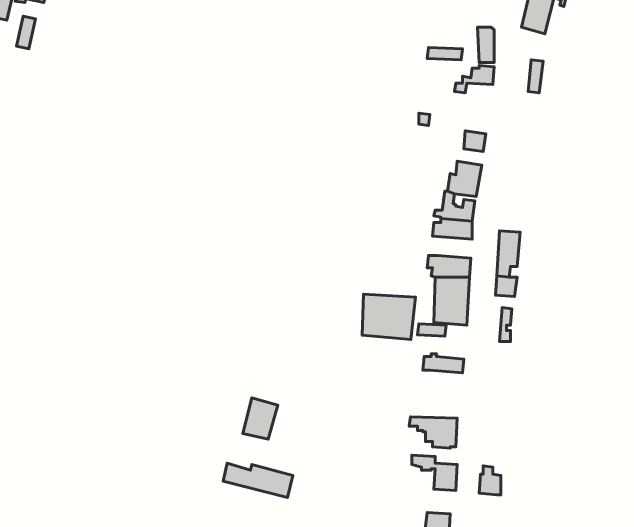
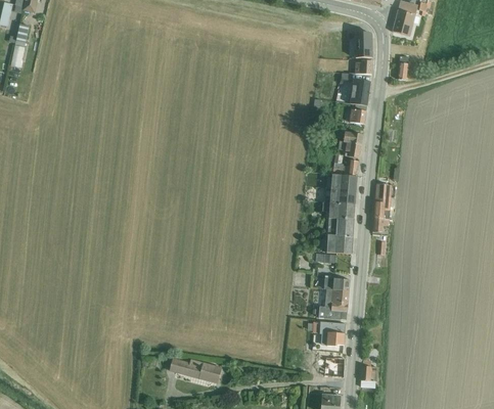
building: none -> [338,81,369,105]
building: none -> [323,187,355,203]
building: [362,294,416,339] -> none
building: none -> [318,287,348,317]
building: [243,398,278,439] -> none

